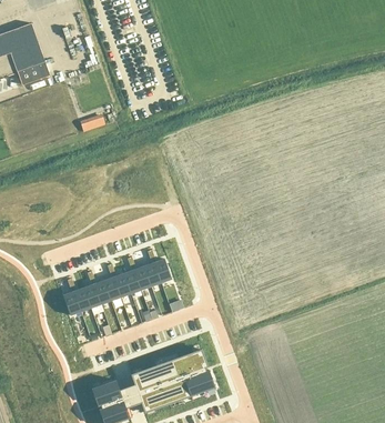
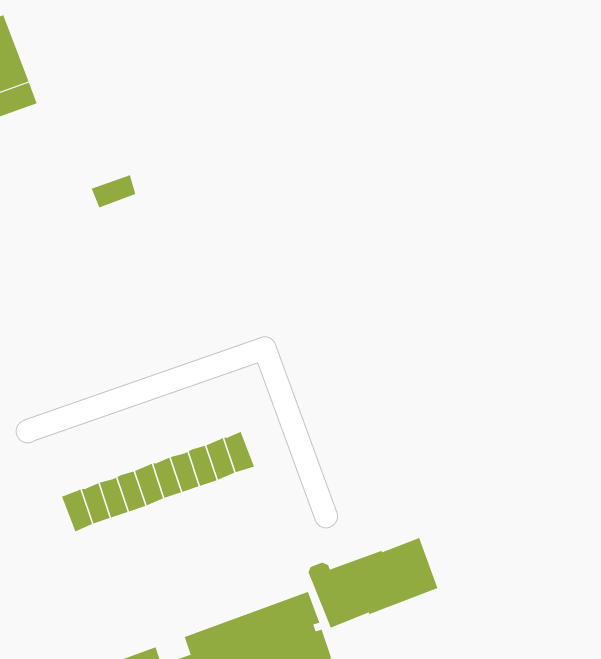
building: none -> [308,537,438,628]

